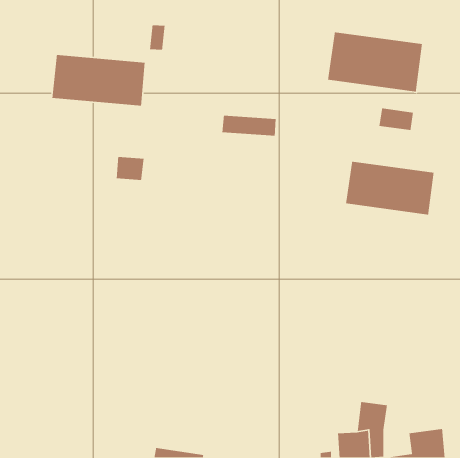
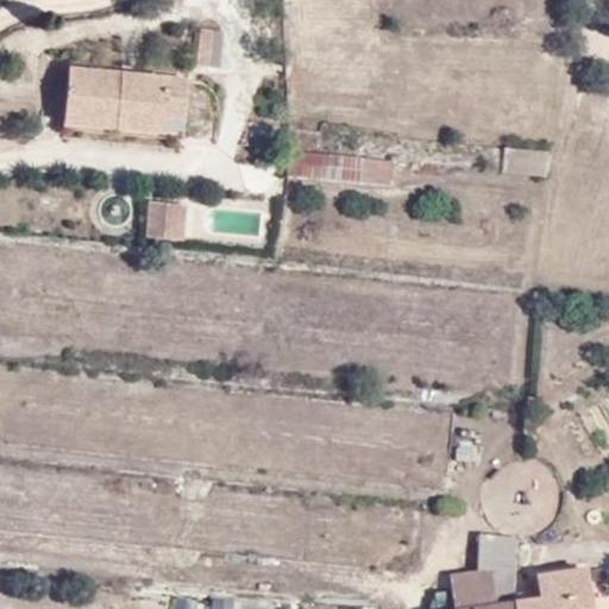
building: [327,31,423,92] -> none
building: [345,161,434,216] -> none

